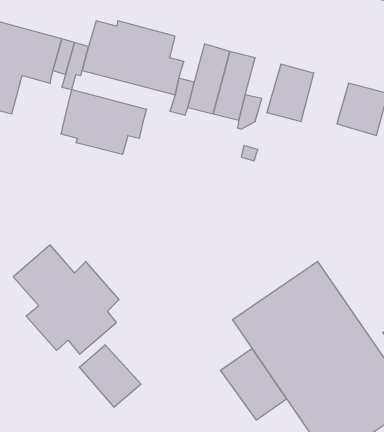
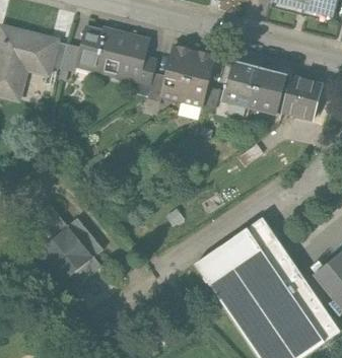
building: none -> [250,68,287,115]
building: [61,90,147,155] -> none
building: [79,345,141,407] -> none
building: [220,349,287,420] -> none

